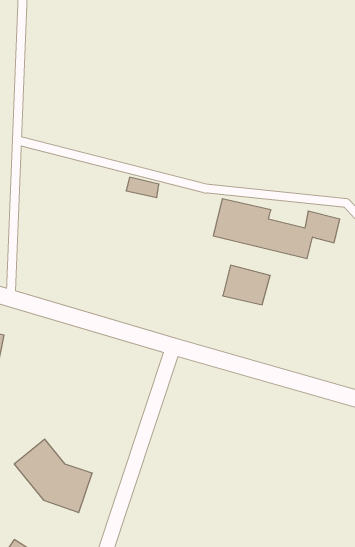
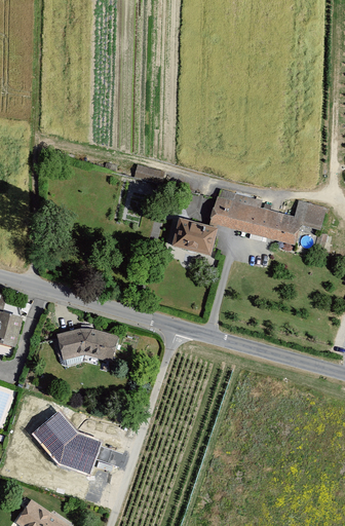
building: [223,265,270,305] -> [172,221,216,257]
building: none -> [56,327,118,360]

